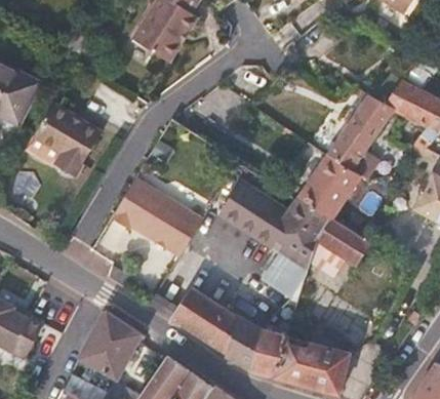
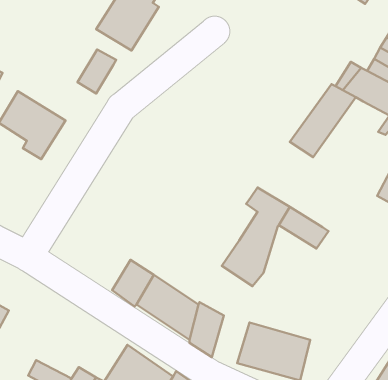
building: none -> [78,50,116,94]
building: [295,154,362,220] -> none
building: [219,178,295,253] -> none
building: [115,179,202,254] -> none
building: [81,313,139,376] -> none
building: [249,329,287,377] -> none

